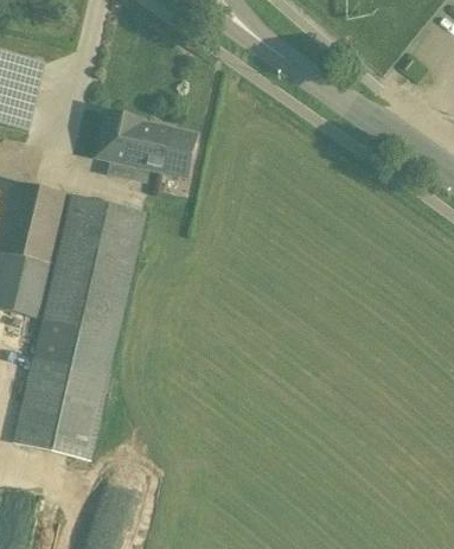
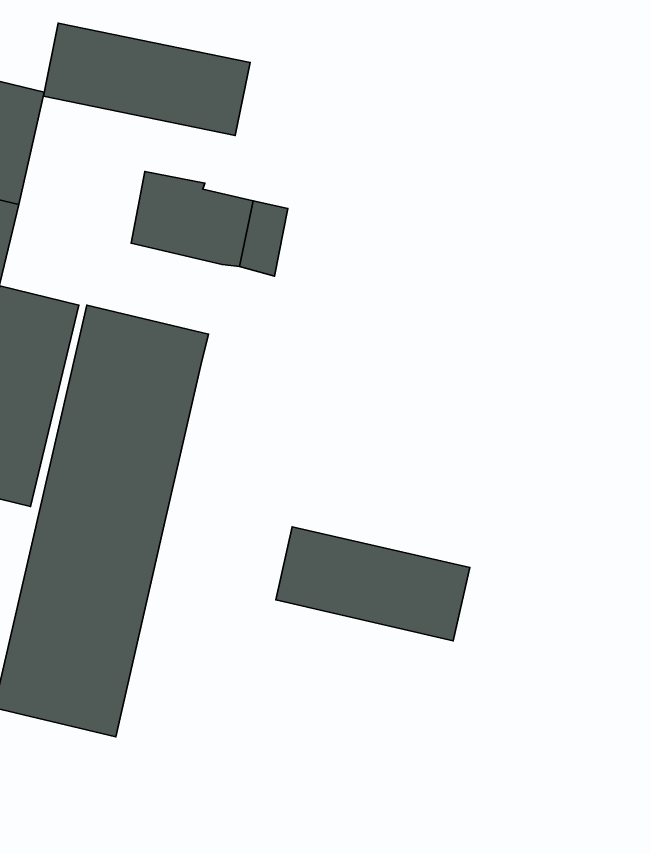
building: none -> [43,23,250,136]
building: none -> [276,527,470,641]

